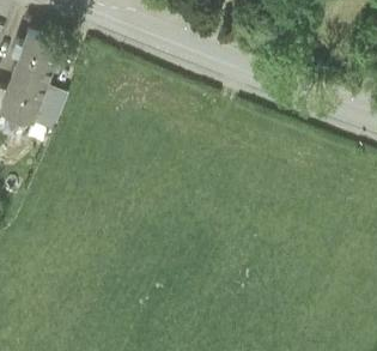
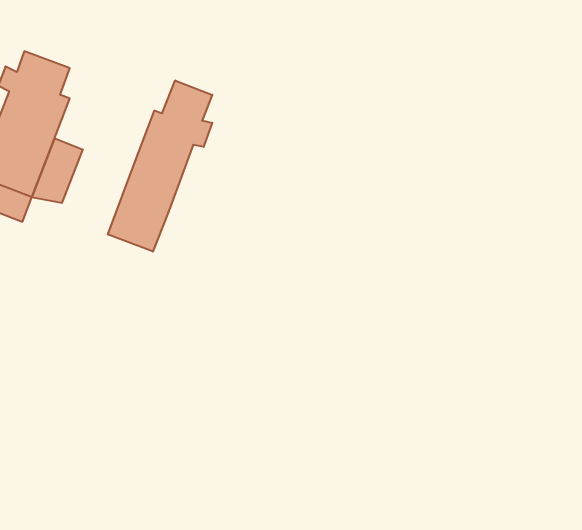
building: none -> [108,80,212,252]

